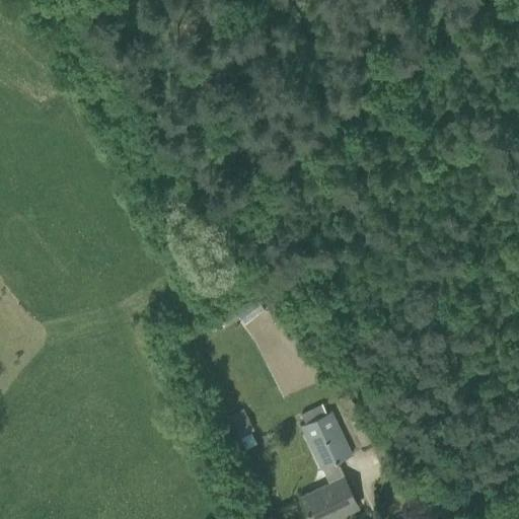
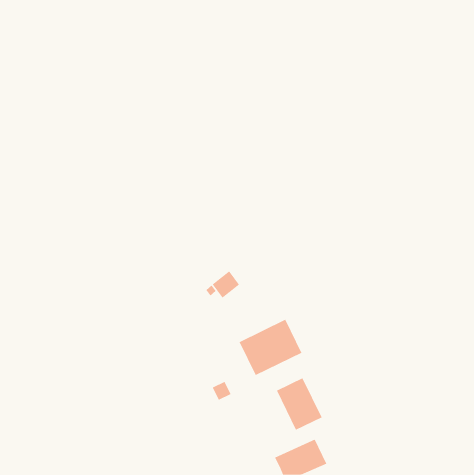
building: none -> [239,319,302,376]

